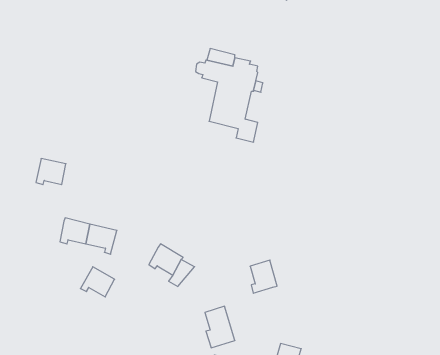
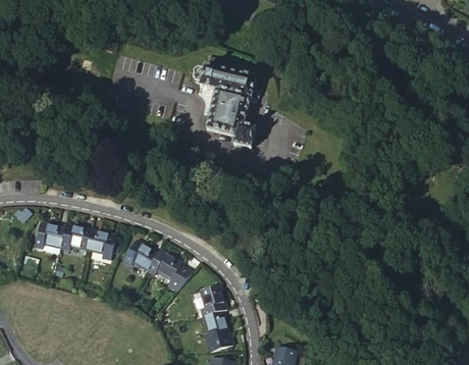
building: [36,159,66,185] -> [35,221,64,247]
building: [250,260,277,293] -> [200,283,226,316]
building: [80,267,115,297] -> [123,240,157,269]

